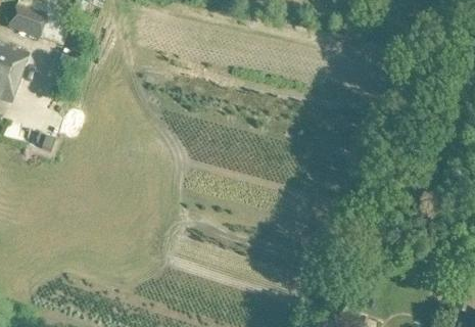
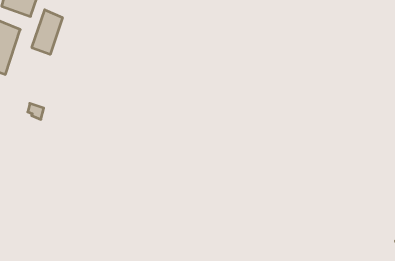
building: none -> [32,10,62,54]

